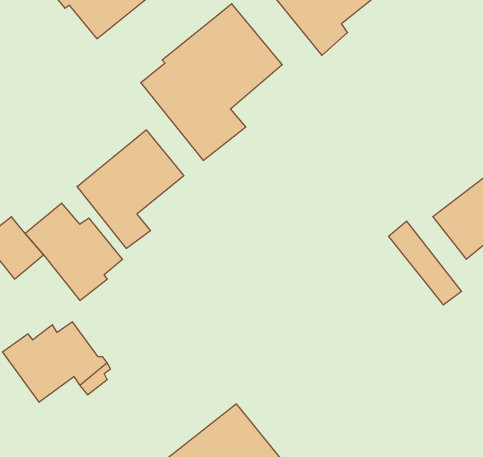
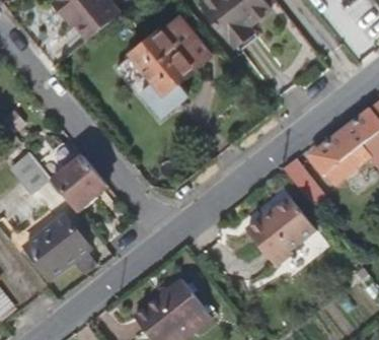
building: [77,130,184,248] -> none
building: none -> [246,196,315,264]

